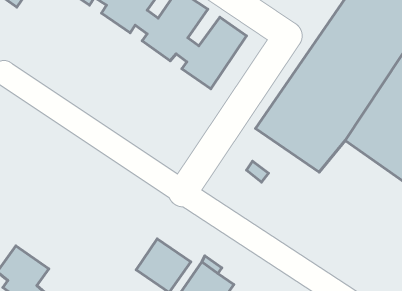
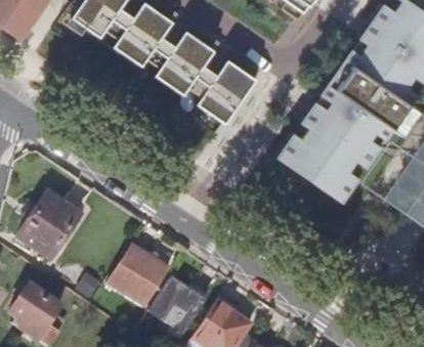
building: none -> [16,191,81,260]
building: none -> [111,244,172,305]

